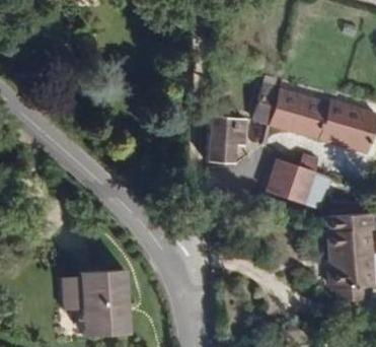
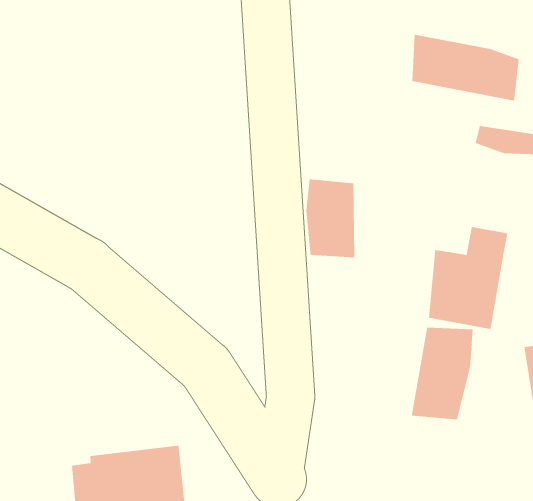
building: [260,96,324,139] -> [411,34,519,101]
building: none -> [411,327,473,420]

